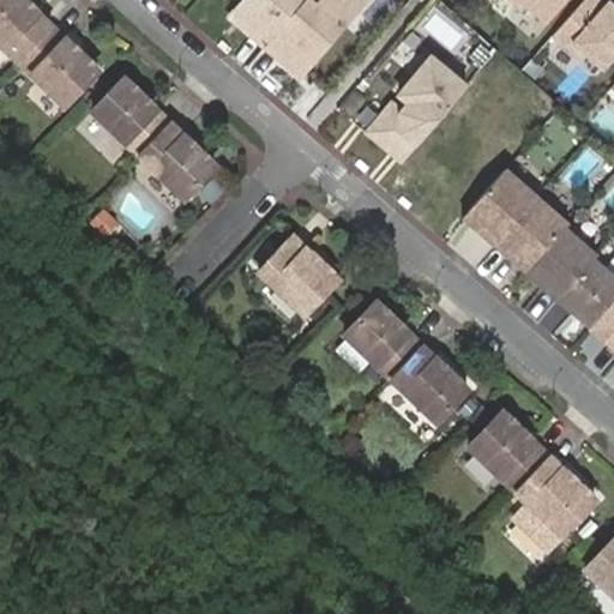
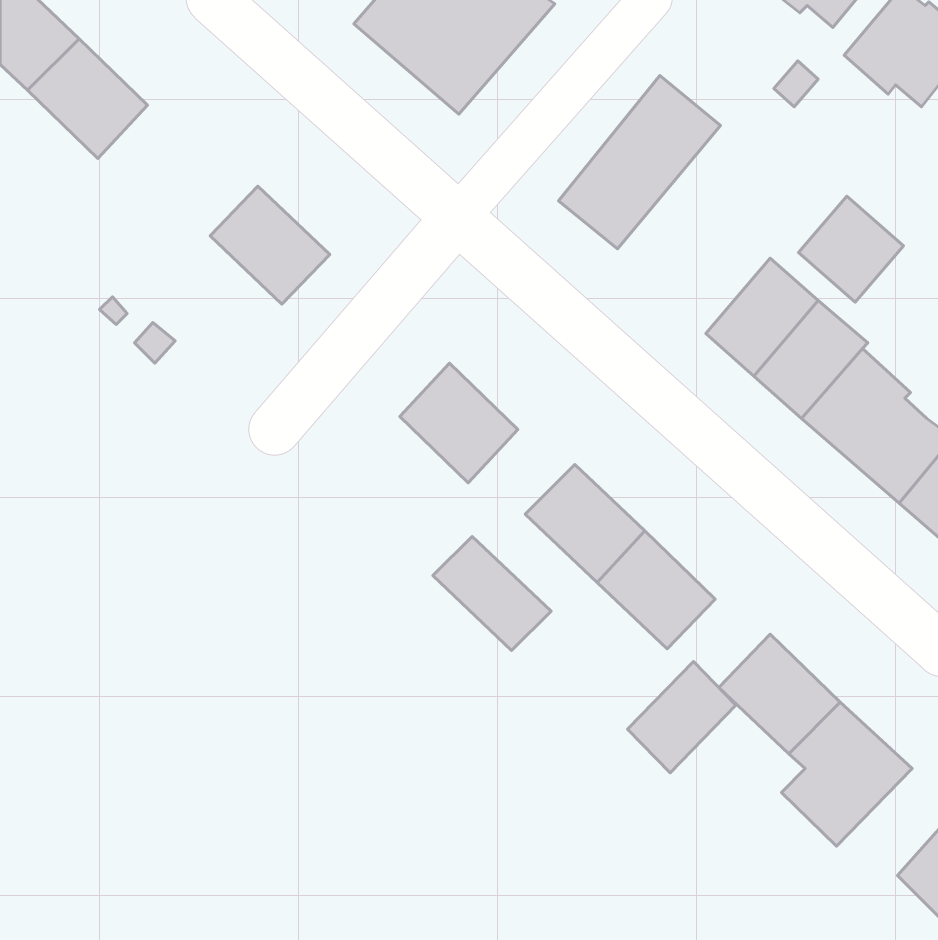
building: [94,78,170,154] -> none
building: none -> [799,196,904,302]
building: none -> [433,536,551,650]
building: none -> [628,662,736,773]

